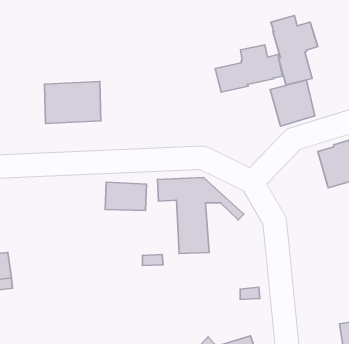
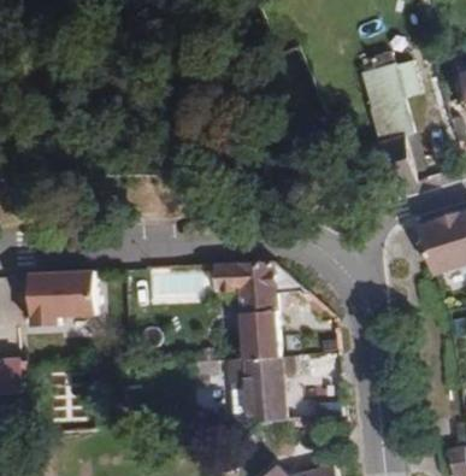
building: [215,45,282,92] -> none
building: [45,82,101,124] -> [23,270,95,324]
building: none -> [231,354,301,421]

